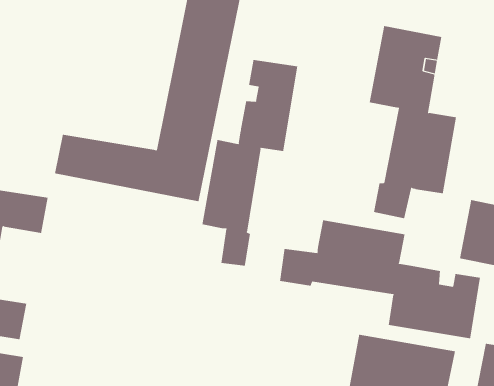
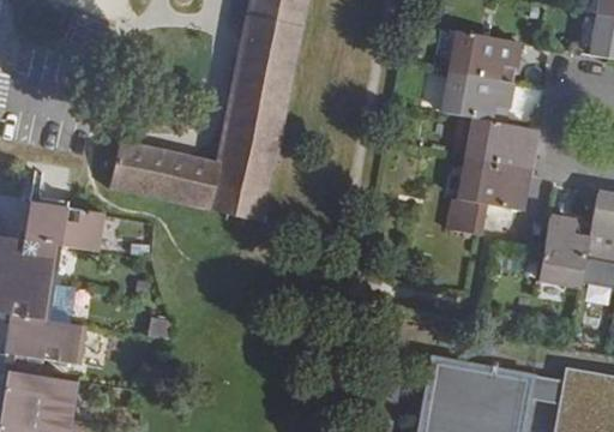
building: [202,59,298,266] -> none
building: [279,219,481,339] -> none

